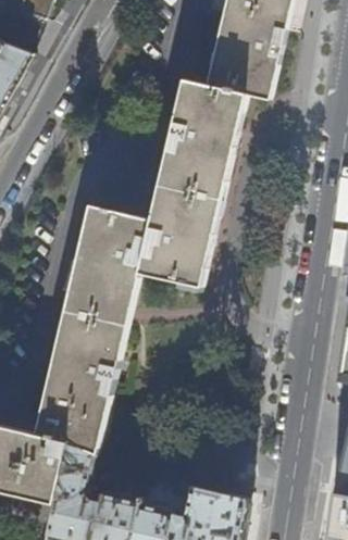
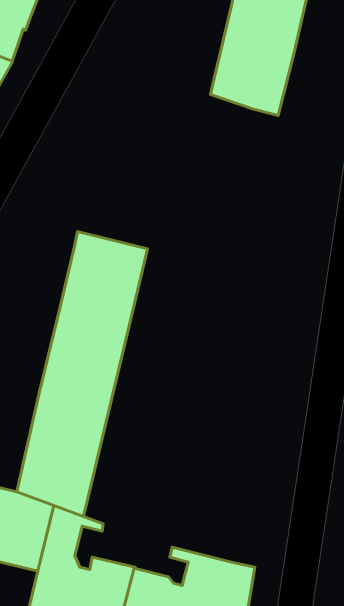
building: [138,80,245,289] -> none

